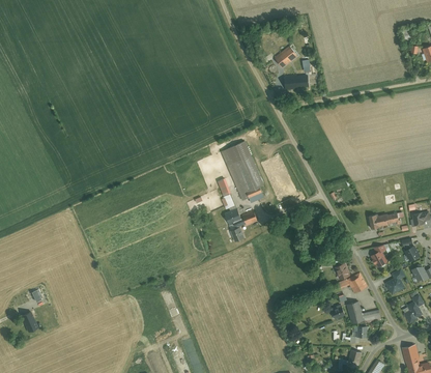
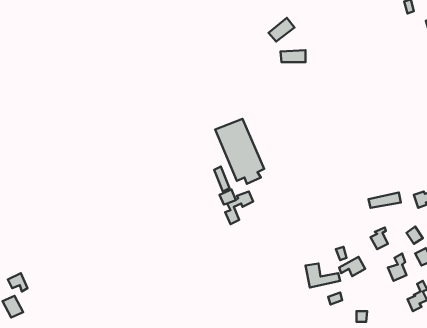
building: [346,300,379,323] -> [305,263,340,287]

